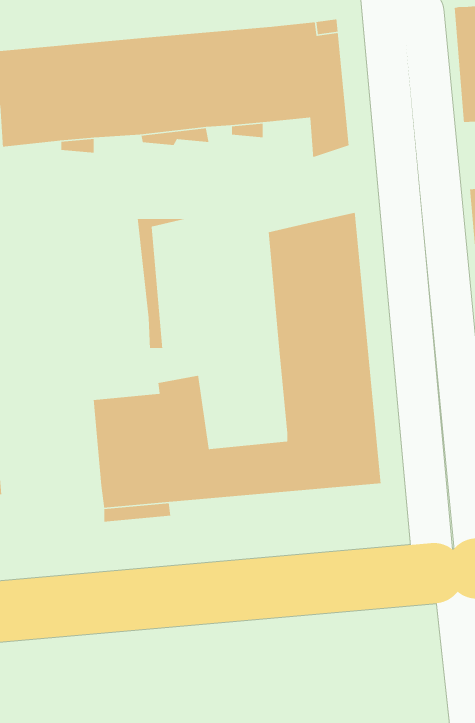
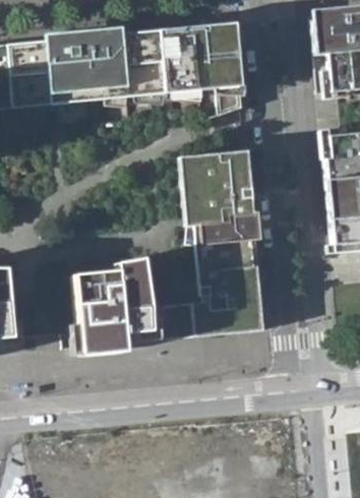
building: [137,218,191,349] -> [179,154,215,241]

